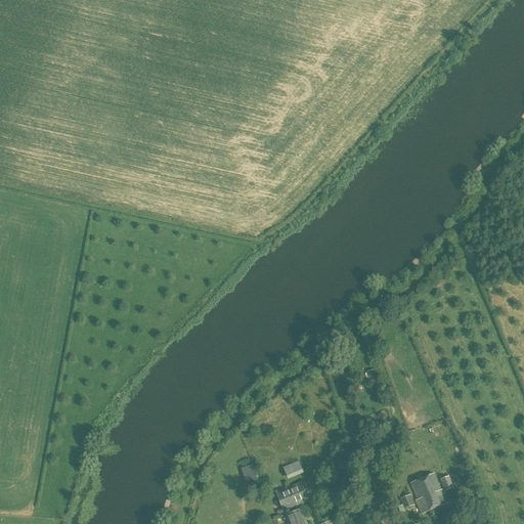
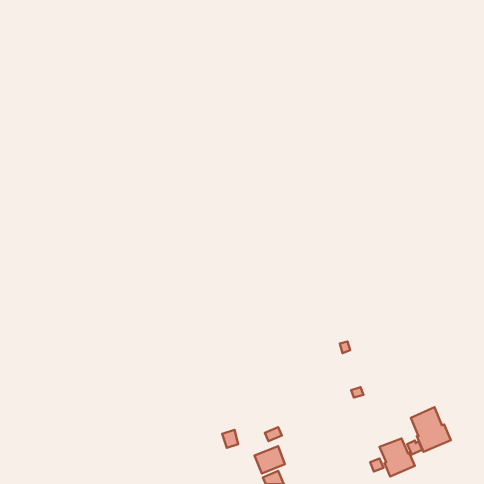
building: none -> [411,407,451,452]

